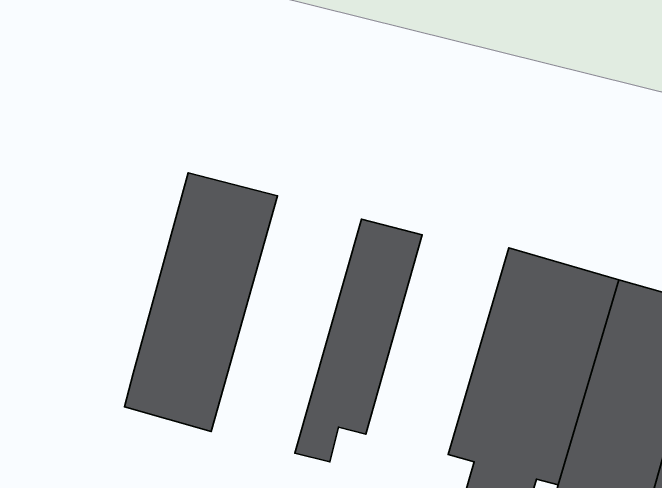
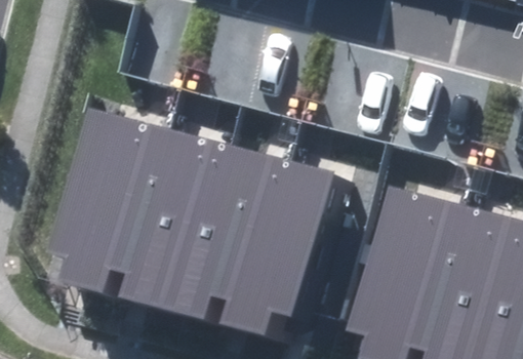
building: none -> [47,110,164,292]
building: none -> [180,146,287,328]

